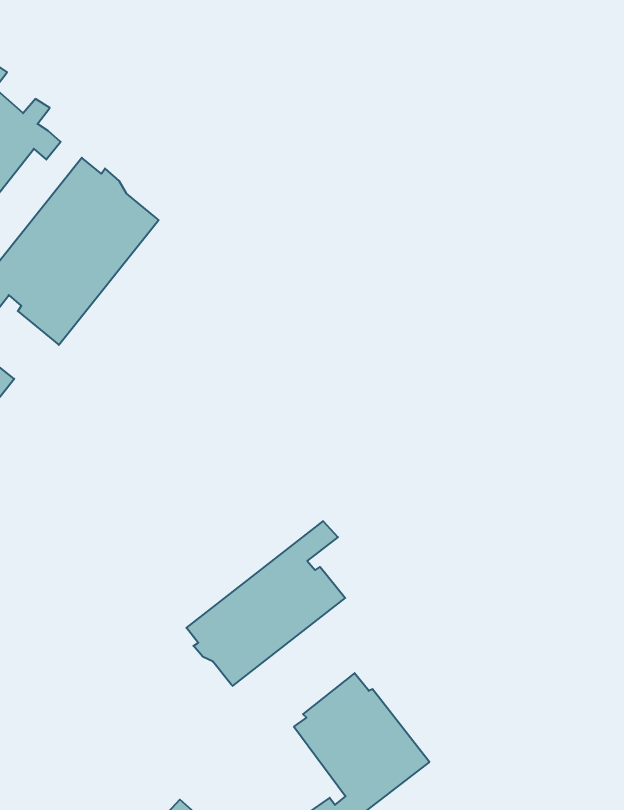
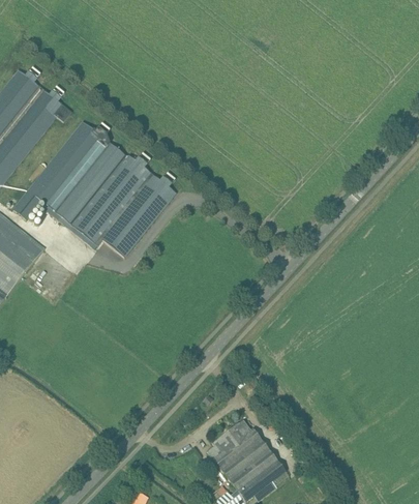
building: none -> [70,154,176,257]
building: [186,521,345,686] -> none

